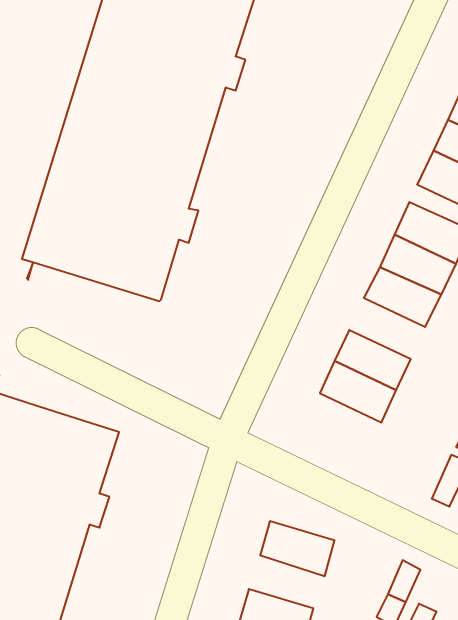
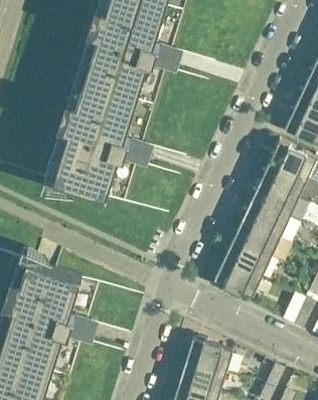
building: none -> [243,199,290,237]
building: none -> [215,258,263,296]
building: none -> [180,359,227,392]

